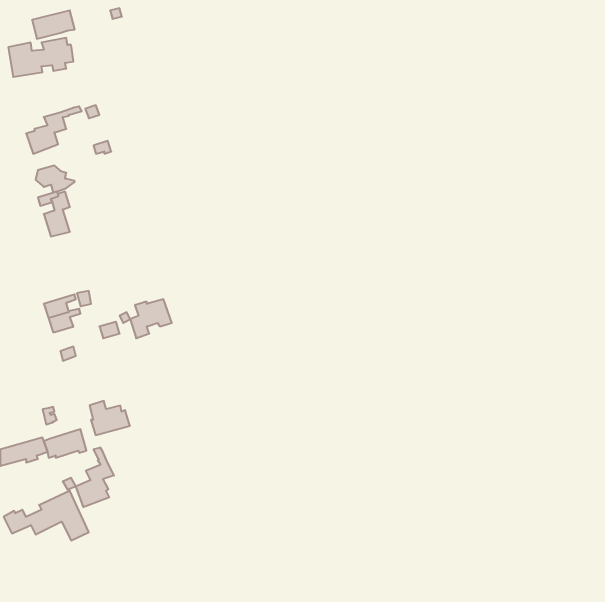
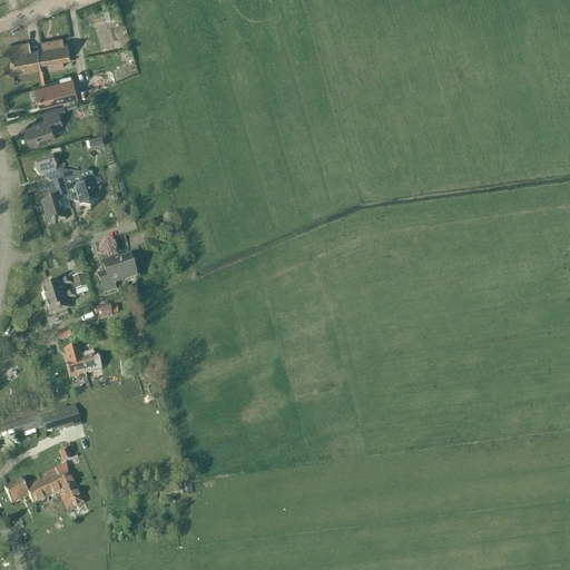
building: [32,10,75,39] -> [36,78,76,105]
building: none -> [62,169,101,208]
building: [130,299,172,338] -> [98,255,137,292]
building: [90,401,130,435] -> [65,345,102,377]
building: [76,447,114,507] -> none

